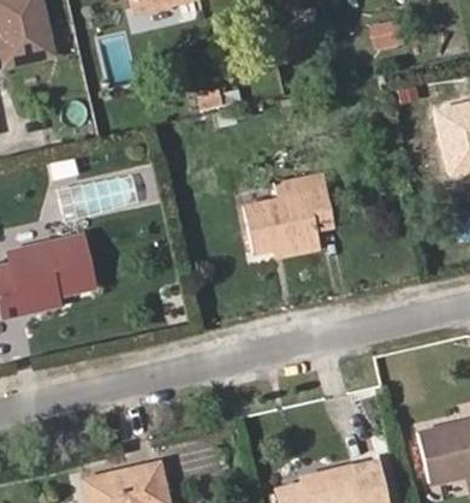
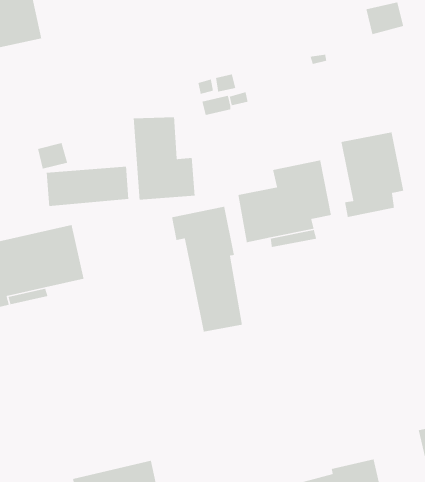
building: none -> [133,116,196,200]
building: none -> [341,131,404,218]
building: none -> [171,206,243,333]

